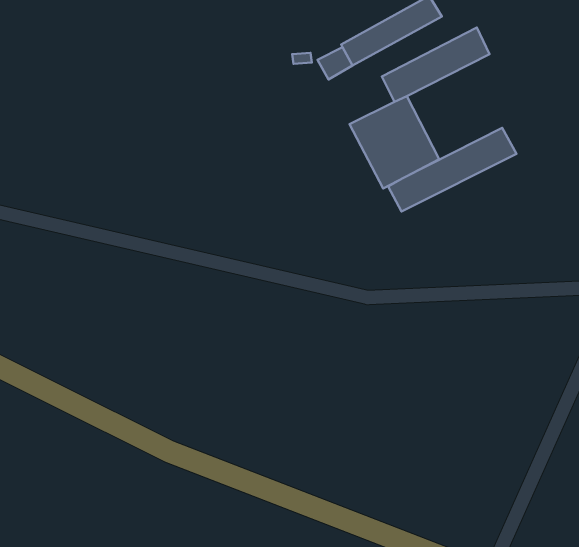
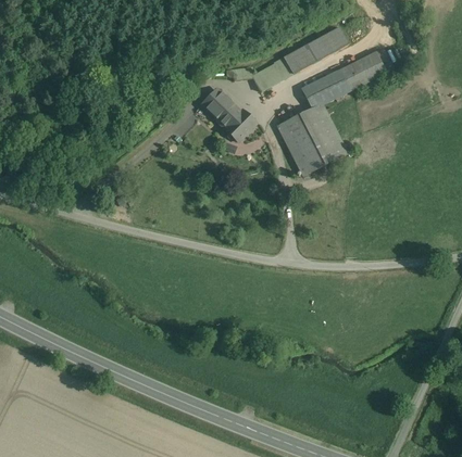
building: none -> [202,89,255,141]
building: [388,128,517,212] -> none

